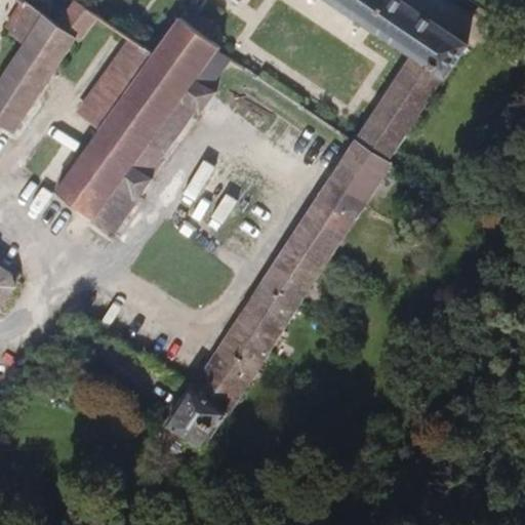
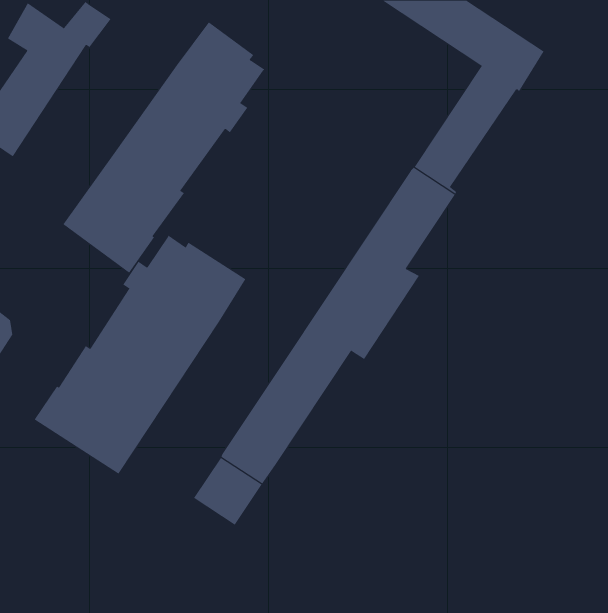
building: [74,39,151,130] -> none
building: none -> [34,235,246,475]

